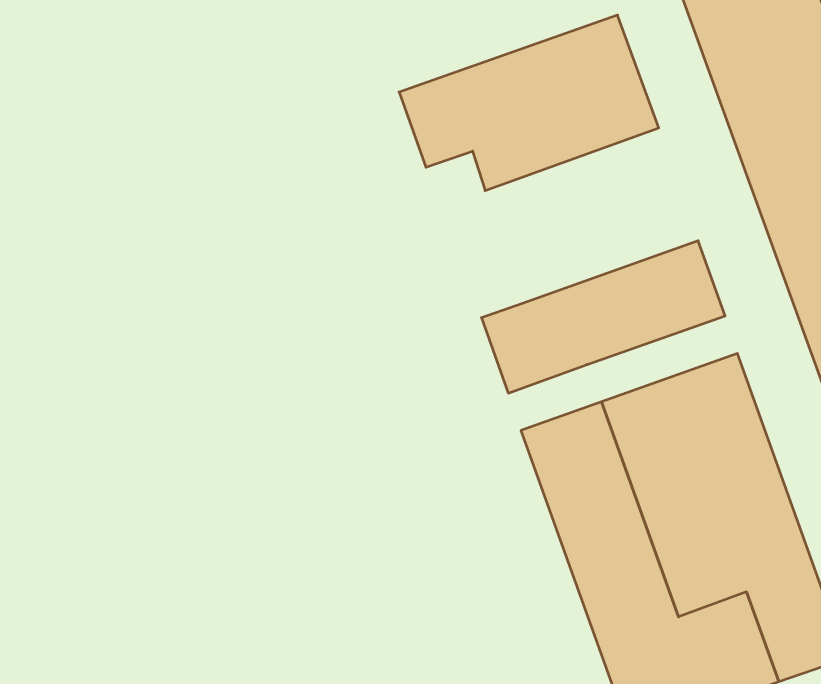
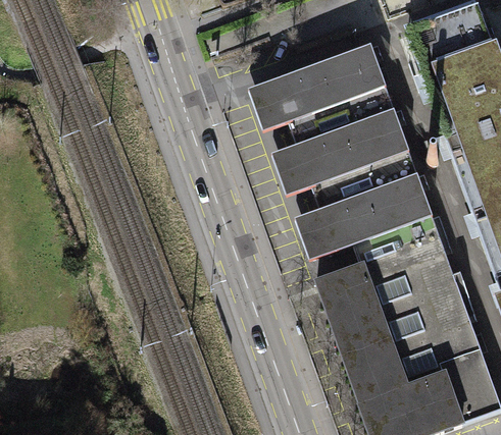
building: none -> [270,108,417,208]
building: none -> [354,215,440,264]

